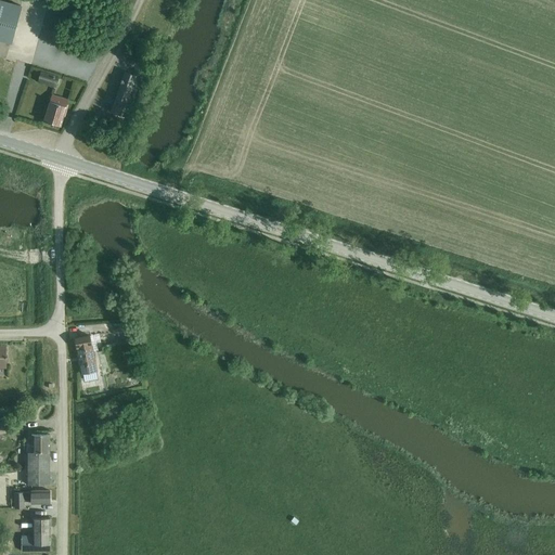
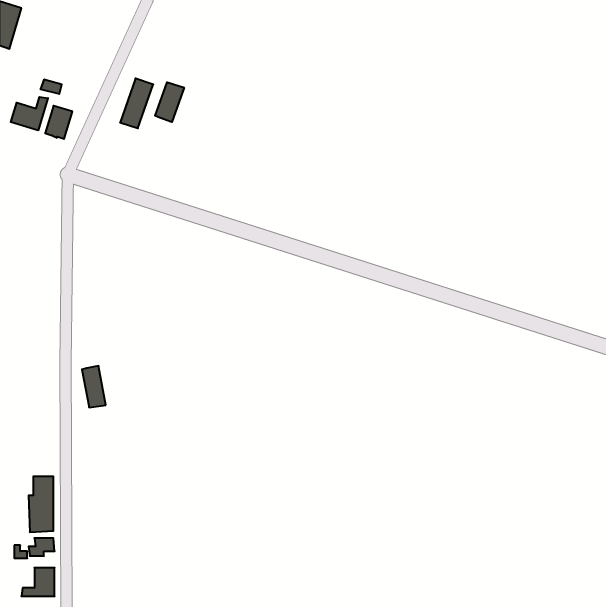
building: none -> [155,82,184,122]
building: none -> [11,97,48,130]

